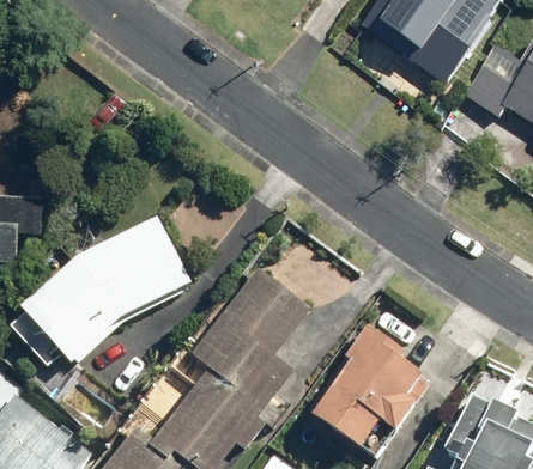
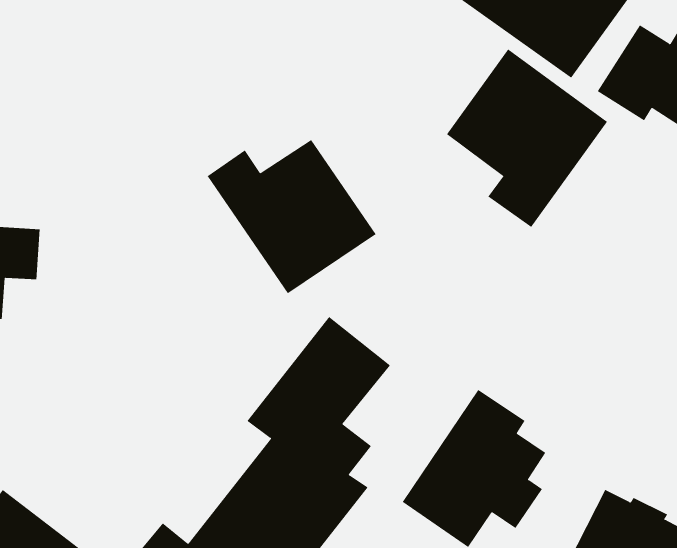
building: none -> [446,49,608,228]
building: none -> [207,139,376,294]
building: [17,218,189,367] -> none

